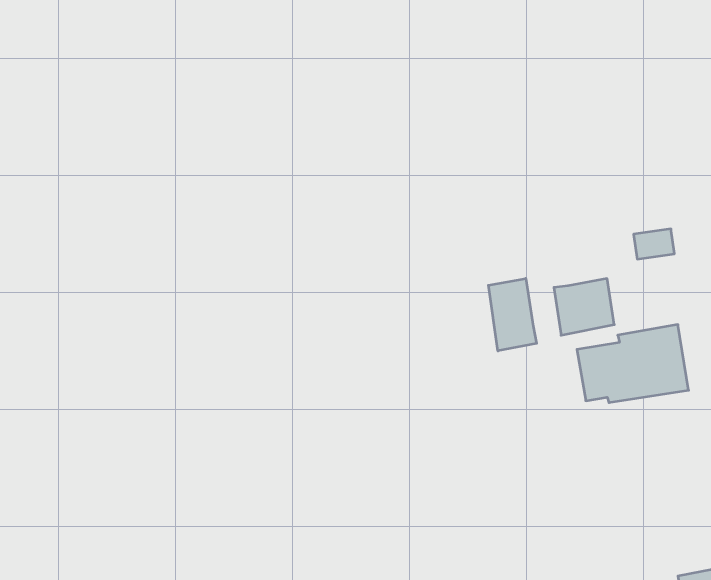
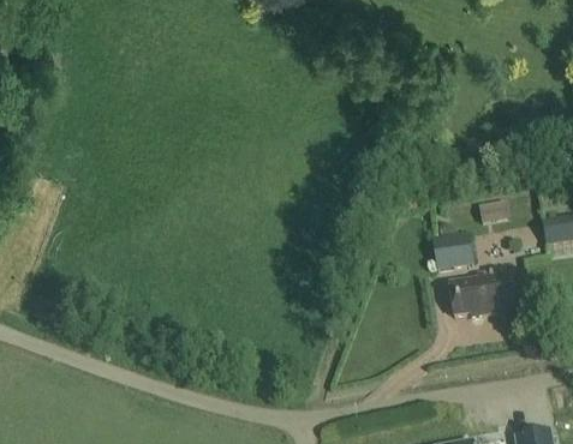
building: [488,278,537,351] -> none

